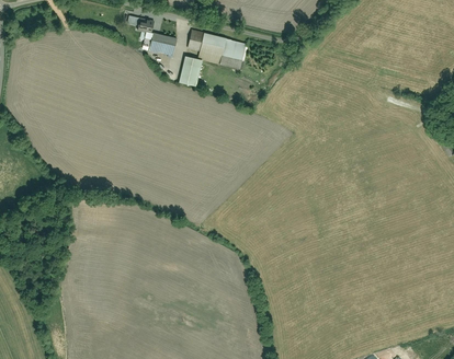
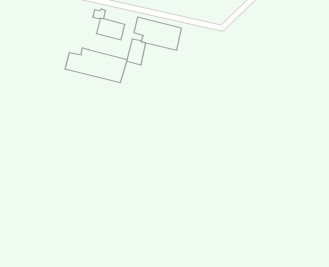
building: none -> [65,48,127,83]

